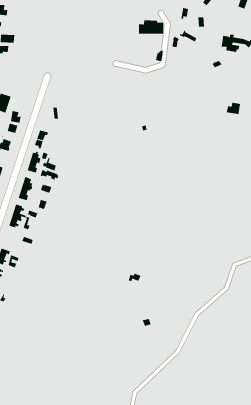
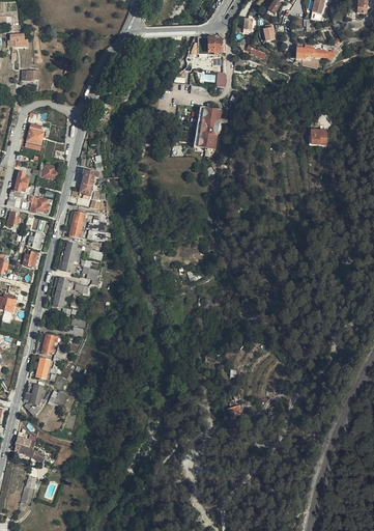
building: none -> [197,107,221,148]

